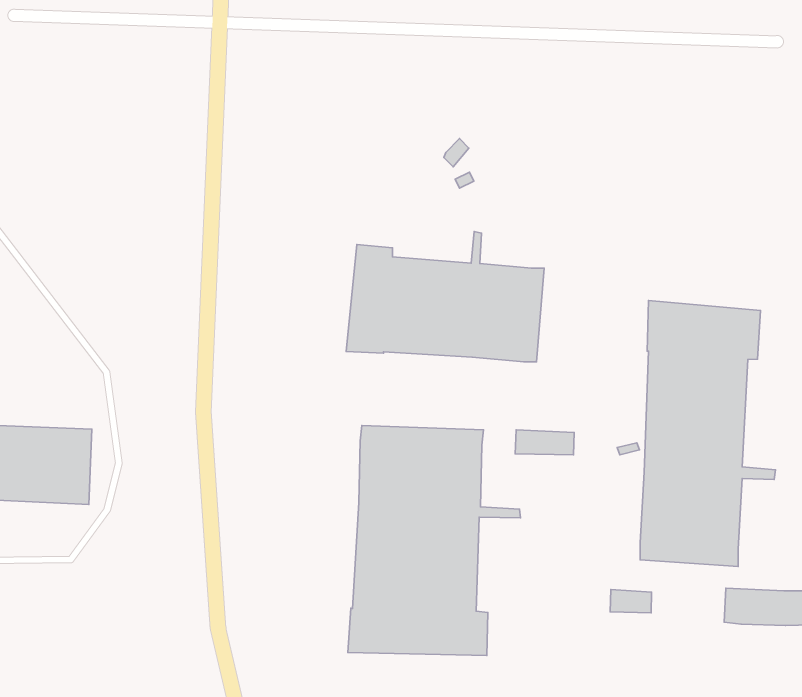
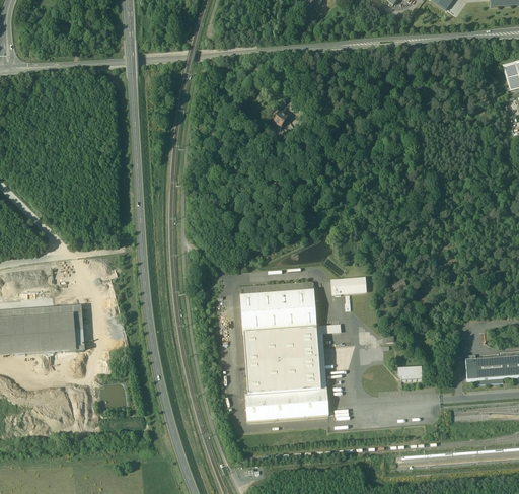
building: [346,232,544,362] -> none
building: [640,300,775,566] -> none

